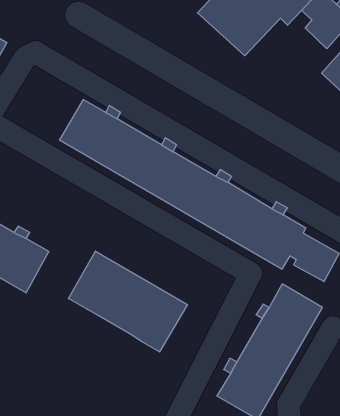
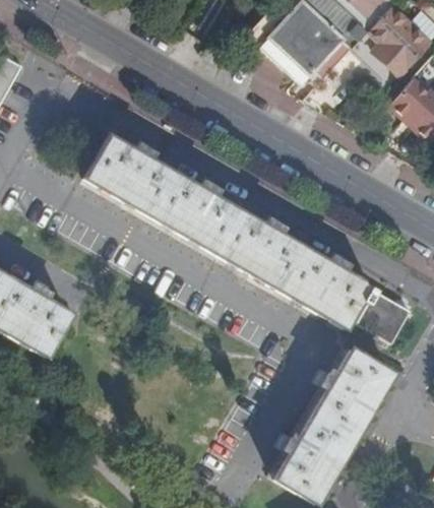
building: [68,251,188,352] -> none

